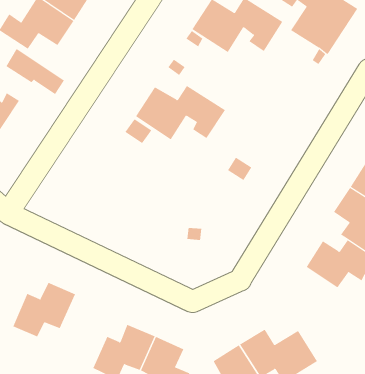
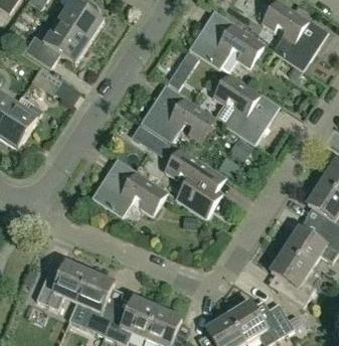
building: none -> [212,72,280,145]
building: none -> [164,147,226,219]
building: none -> [93,171,169,217]
building: none -> [271,249,316,307]
building: none -> [77,273,119,335]

